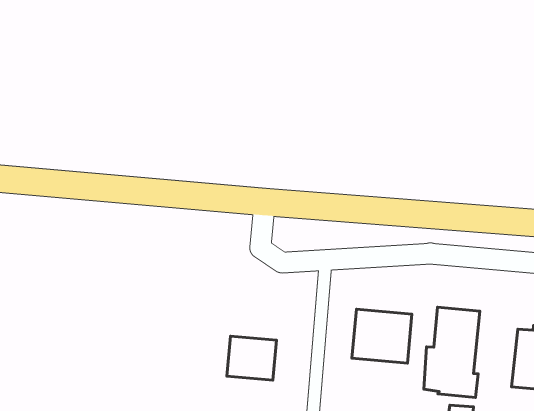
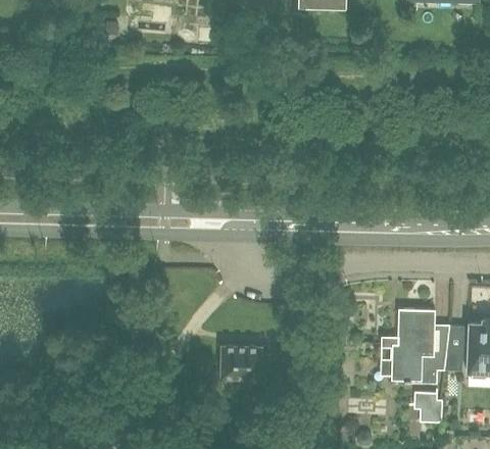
building: [352,309,412,363] -> none
building: none -> [444,326,463,369]

